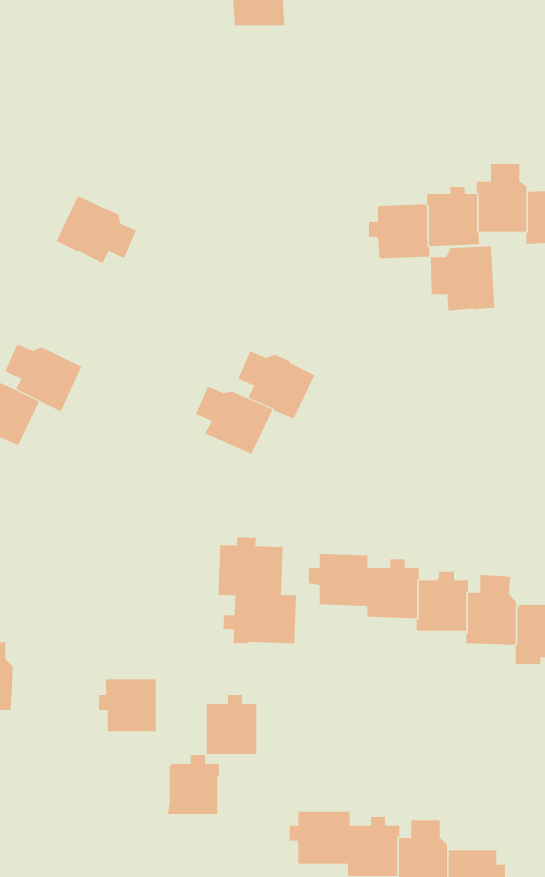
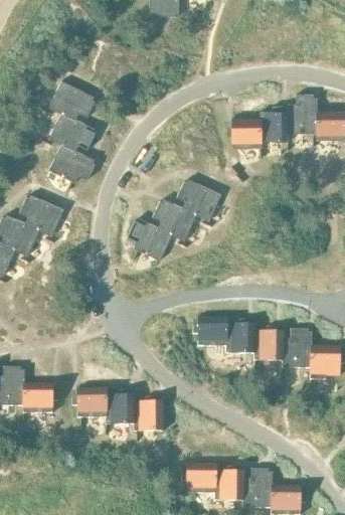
building: none -> [50,80,96,123]
building: [430,246,495,311] -> none
building: none -> [49,144,96,182]
building: none -> [177,181,221,219]
building: [218,536,296,644] -> none
building: none -> [24,382,58,412]
building: [167,755,220,815] -> [106,389,136,423]

